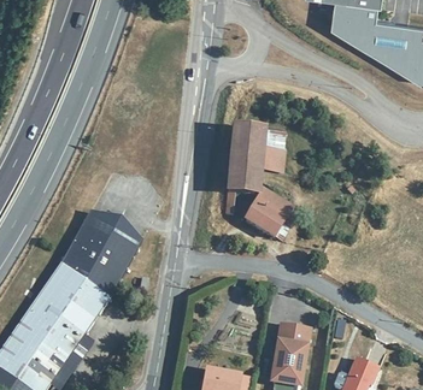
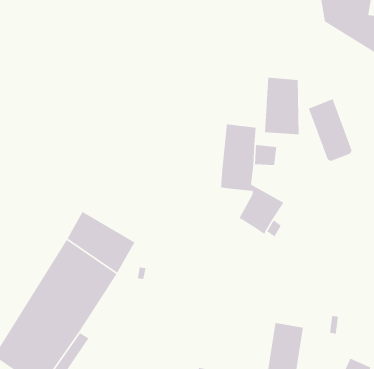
building: none -> [264,77,300,135]
building: none -> [308,98,352,162]

